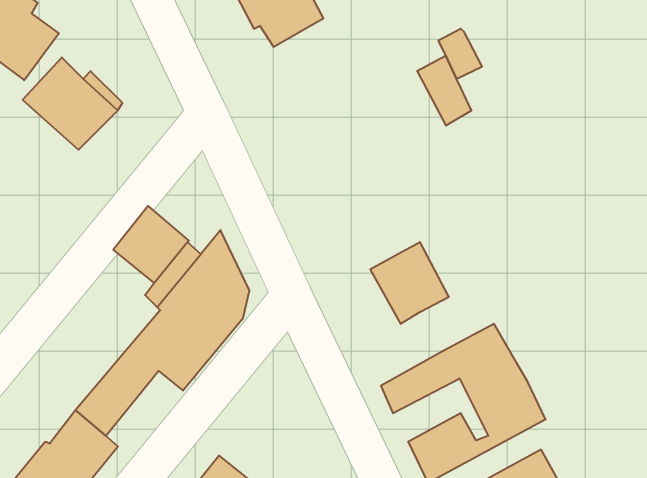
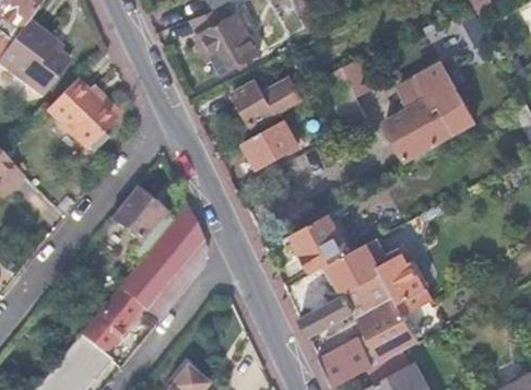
building: none -> [383,62,473,159]
building: none -> [234,81,302,125]
building: none -> [245,120,298,167]
building: none -> [329,243,425,300]

